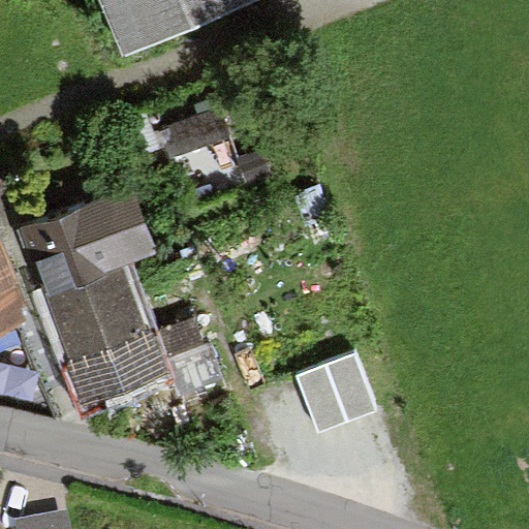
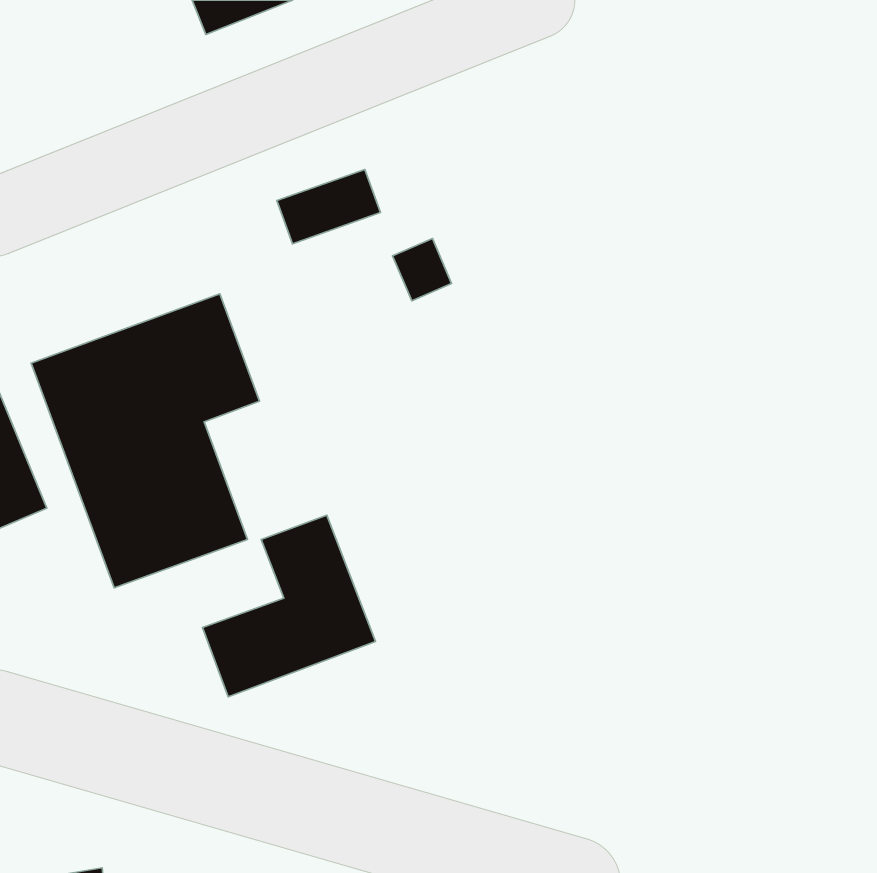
building: [294,360,377,438] -> none

